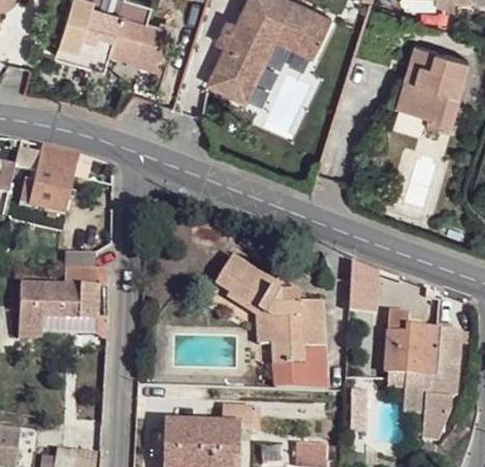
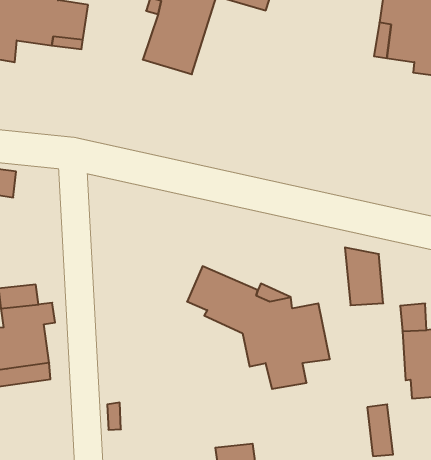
building: [274,348,326,391] -> none

